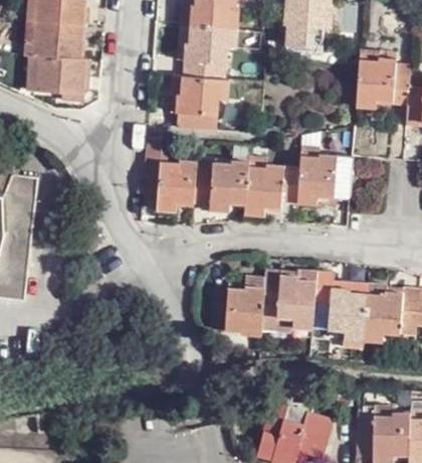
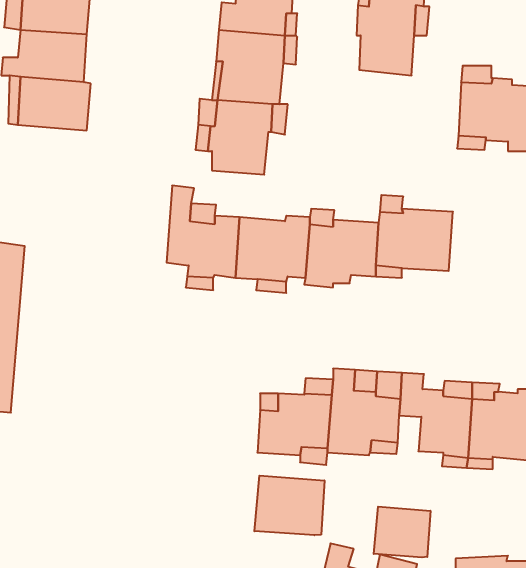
building: none -> [254,476,324,535]
building: none -> [374,507,430,557]

